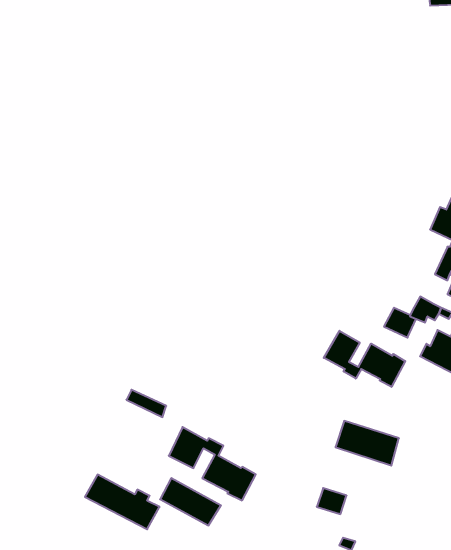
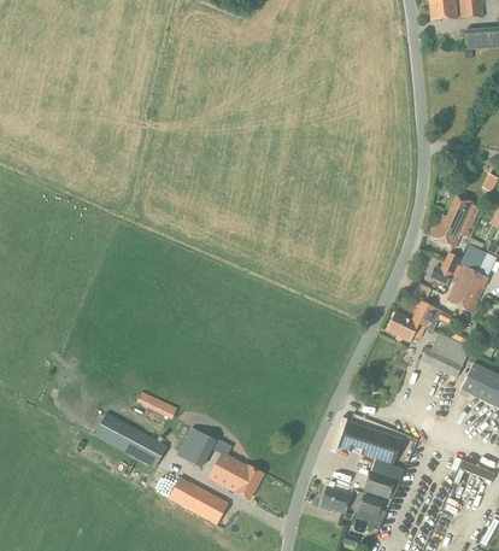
building: [324,331,405,387] -> none
building: none -> [363,470,399,499]
building: [85,475,160,529] -> [94,414,166,467]
building: none -> [356,496,384,528]

